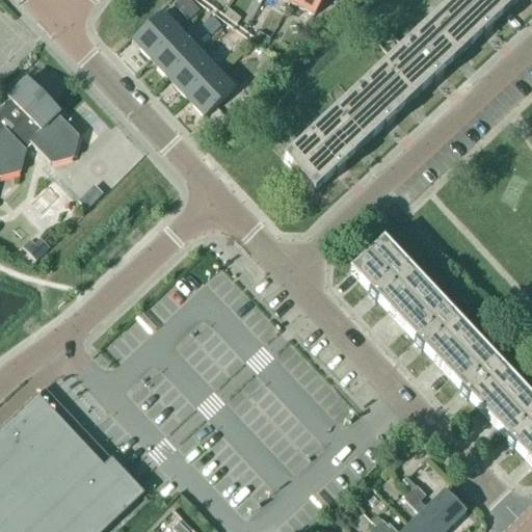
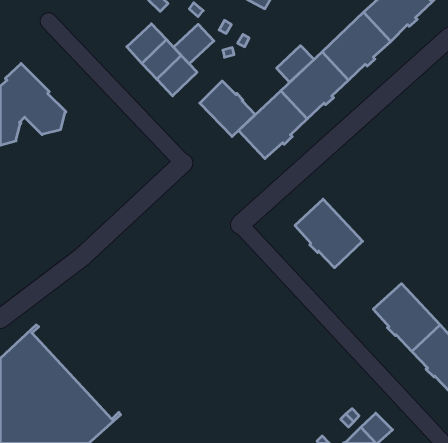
building: [133,8,181,55] -> [173,24,214,64]
building: none -> [277,46,314,82]
building: none -> [200,81,255,137]
building: [397,285,476,365] -> none

